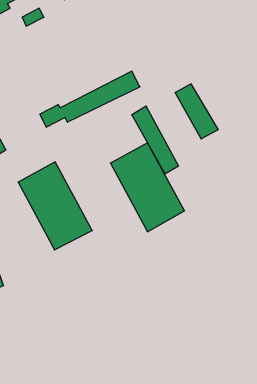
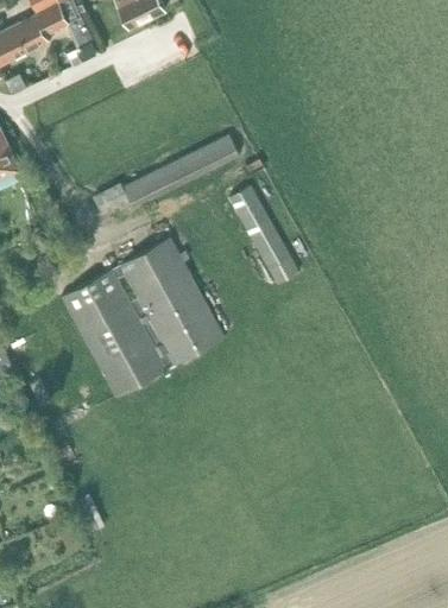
building: [175,84,218,139] -> none
building: [110,143,185,232] -> [115,238,225,368]

